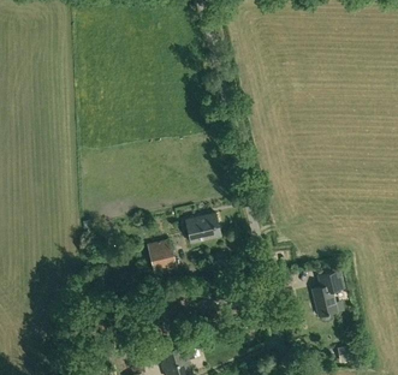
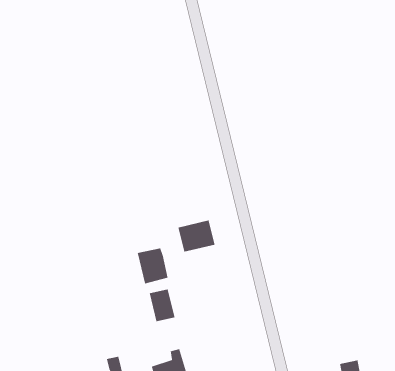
building: [313,269,344,320] -> none
building: none -> [149,288,175,322]

